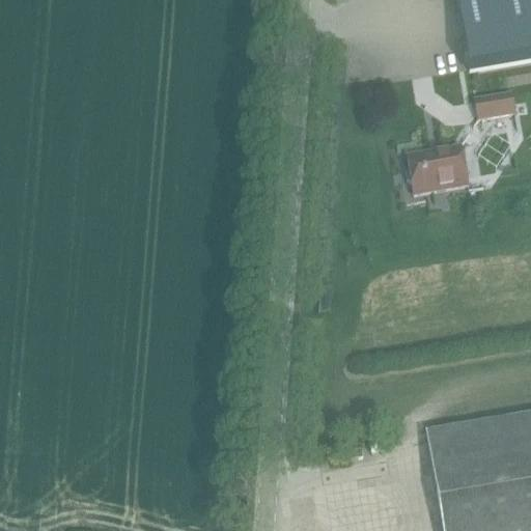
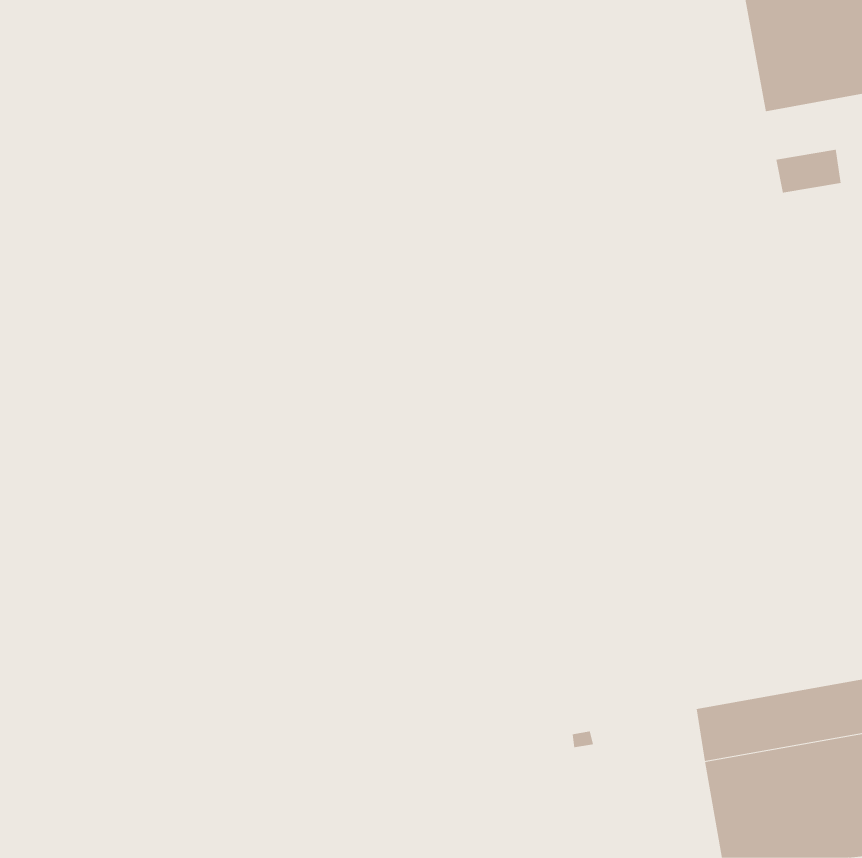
building: [409,144,471,193] -> none

